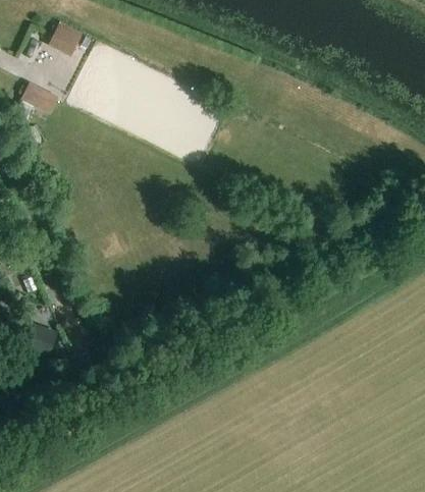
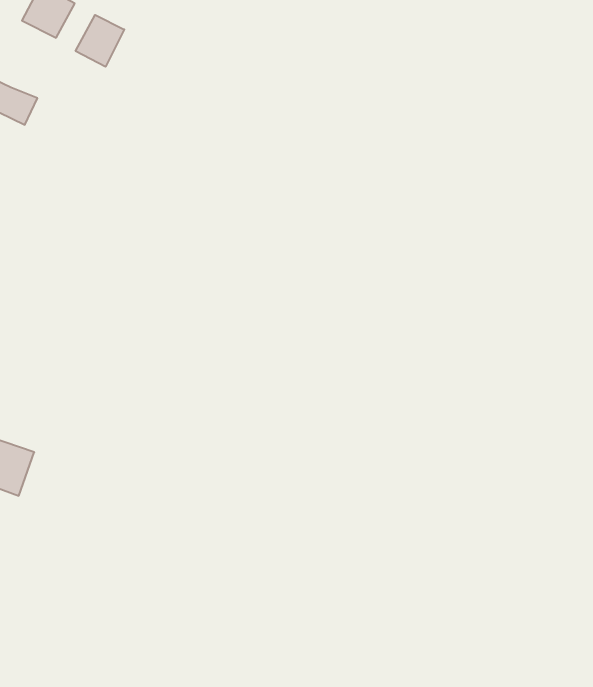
building: none -> [76,15,124,67]

